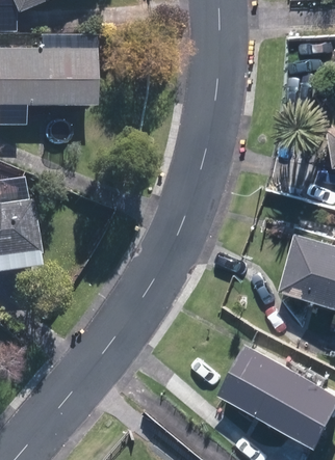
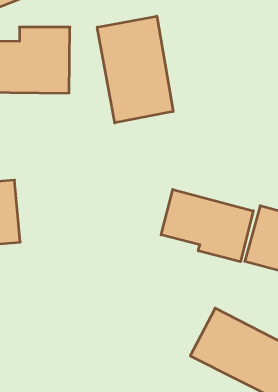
building: none -> [97,16,173,123]
building: none -> [161,189,253,262]

